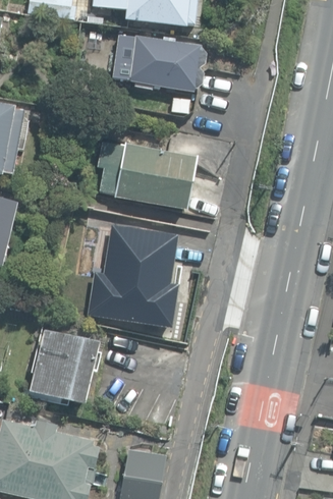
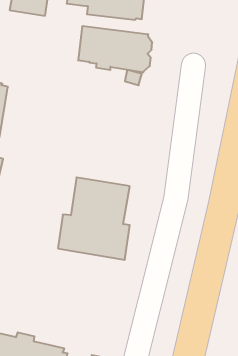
building: [99,141,199,210] -> none
building: [29,329,100,403] -> none

